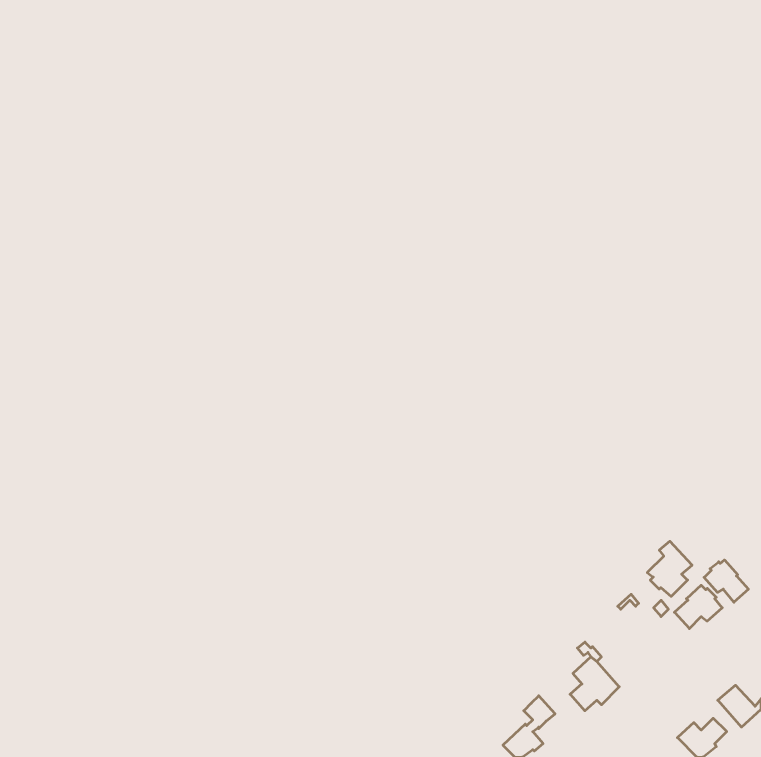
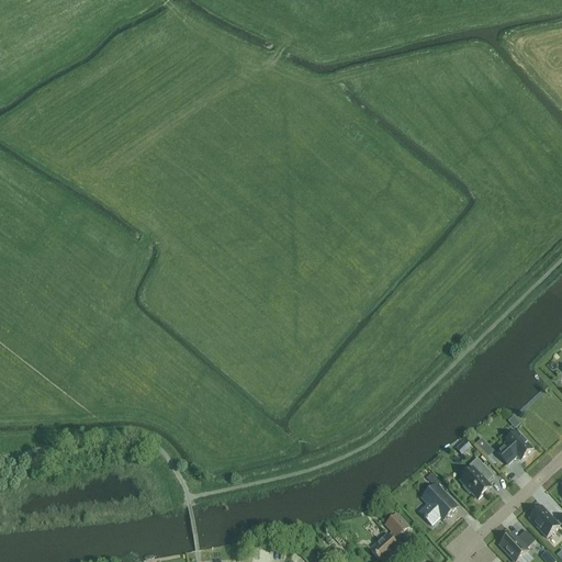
building: [647,541,692,596] -> [460,456,493,496]
building: [704,560,748,602] -> none

